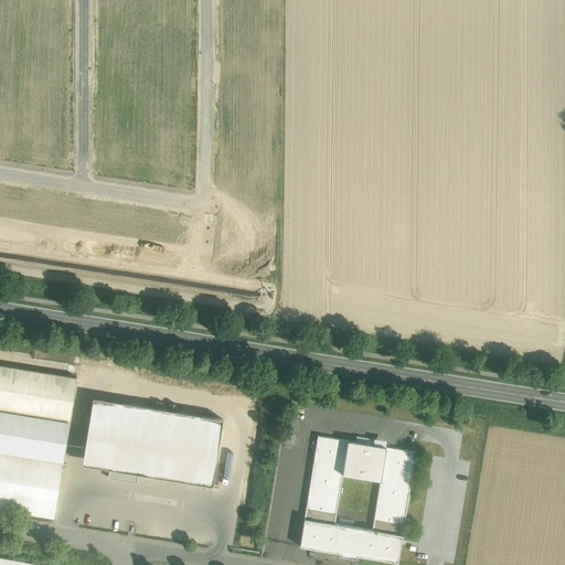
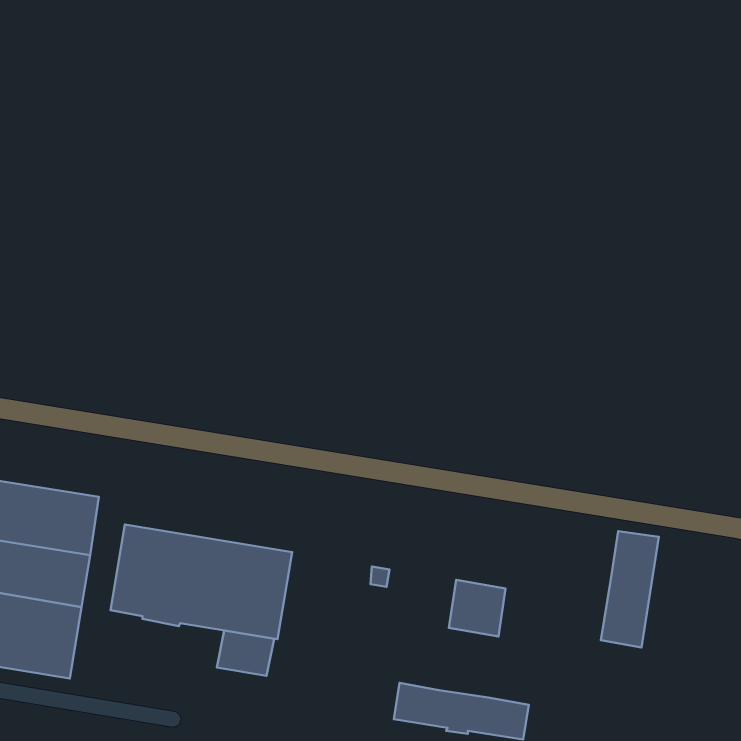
building: [303,437,347,525] -> none
building: [371,448,415,536] -> [601,531,659,647]
building: none -> [217,631,274,676]

